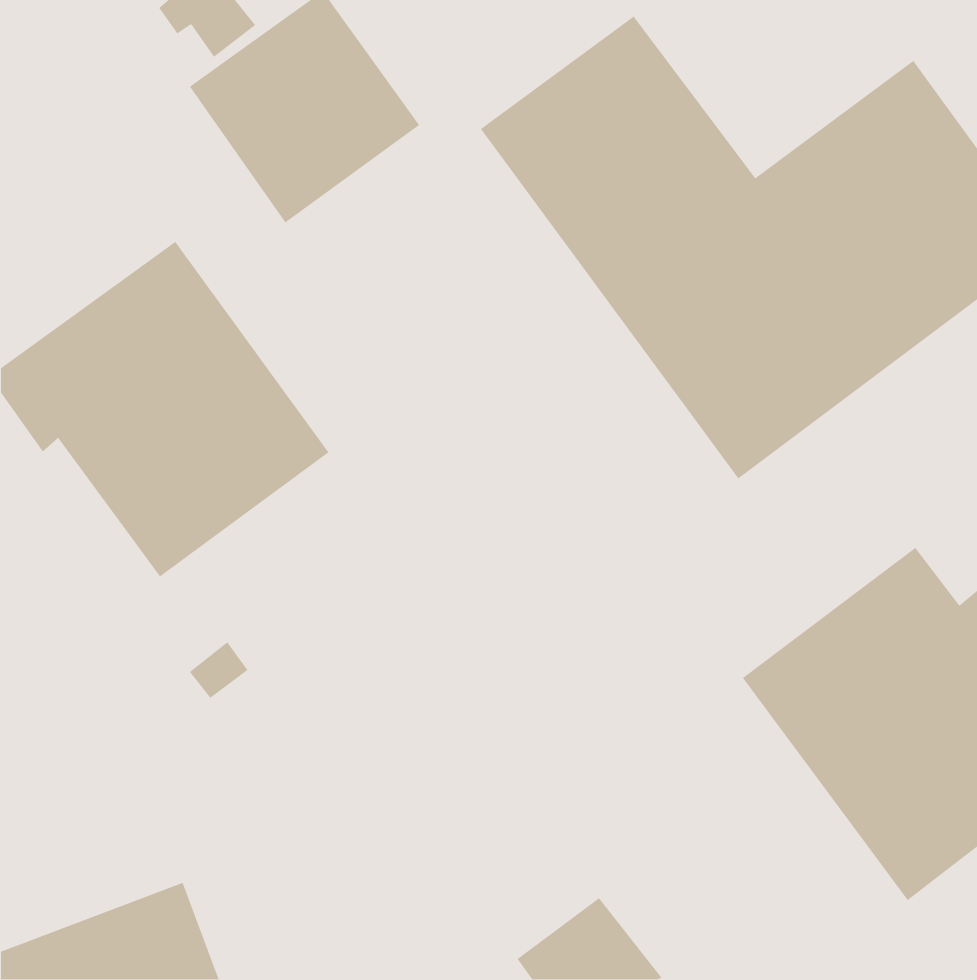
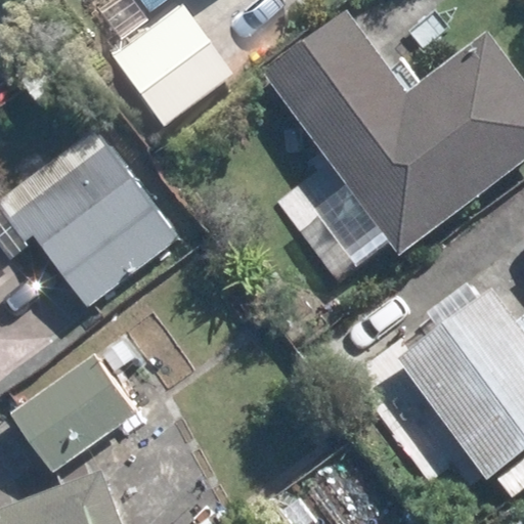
building: none -> [11,355,136,473]

